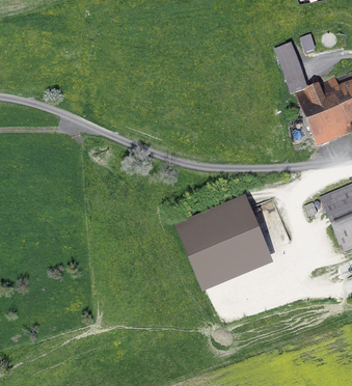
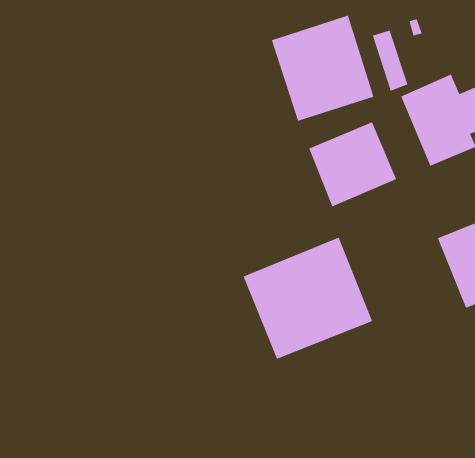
building: none -> [271,14,374,122]
building: none -> [308,121,397,208]

